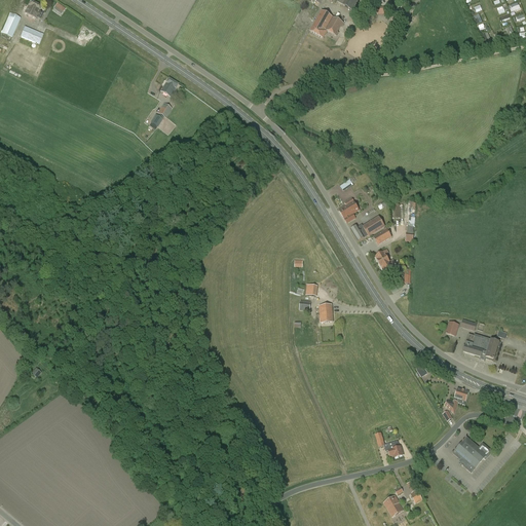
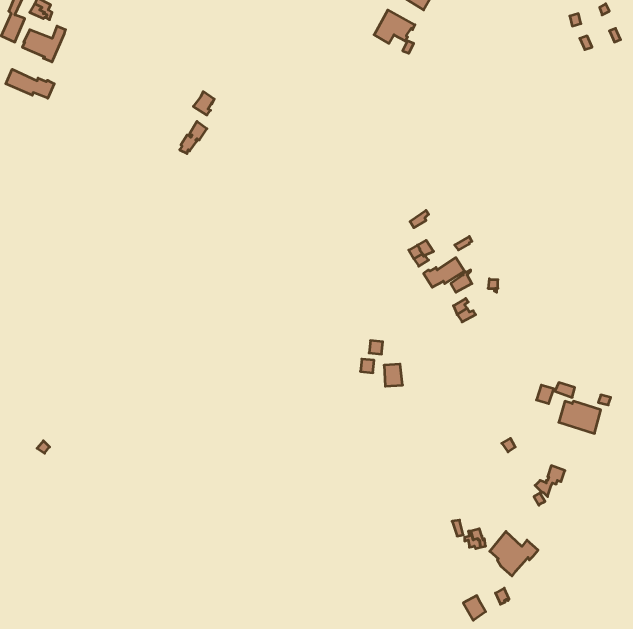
building: none -> [6,69,54,98]
building: [452,435,492,472] -> [490,531,538,576]

